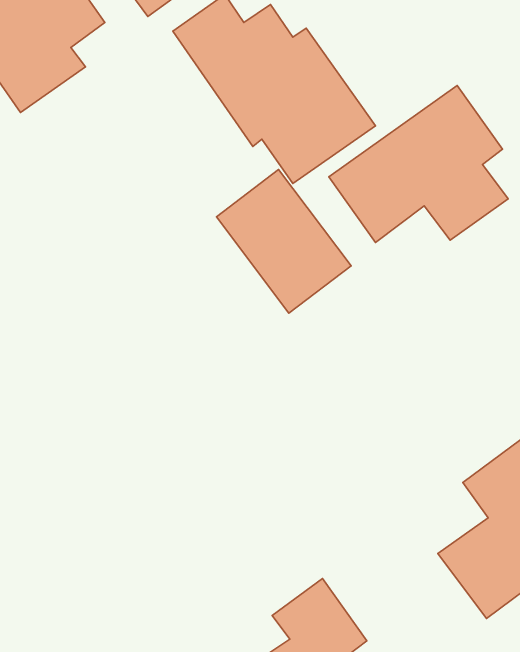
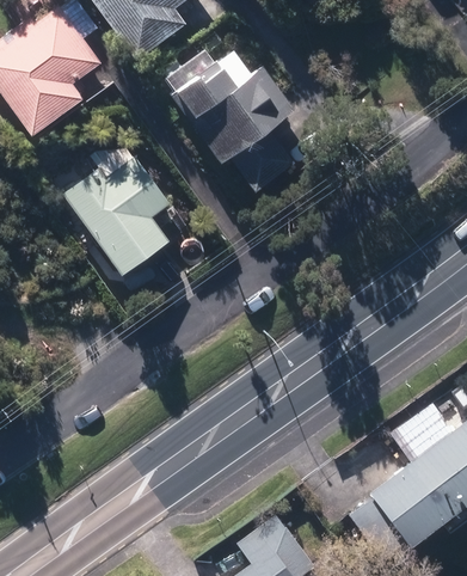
building: [329,85,508,242] -> none
building: [216,170,351,313] -> [63,158,172,274]

